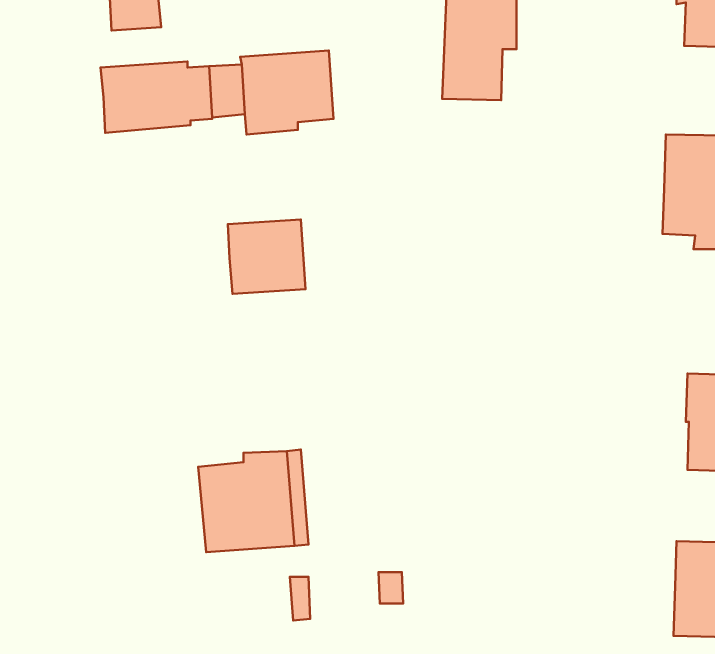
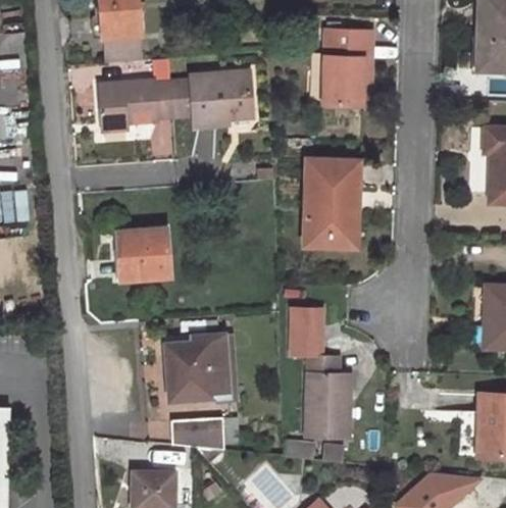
building: none -> [307,158,360,245]
building: [228,219,306,294] -> [119,230,170,278]
building: none -> [290,307,351,438]
building: none -> [171,418,224,449]

